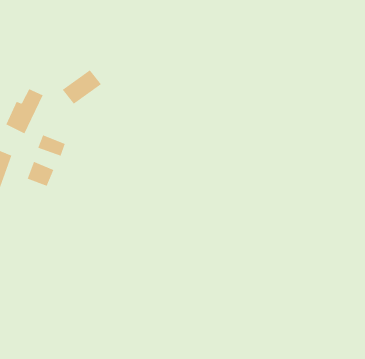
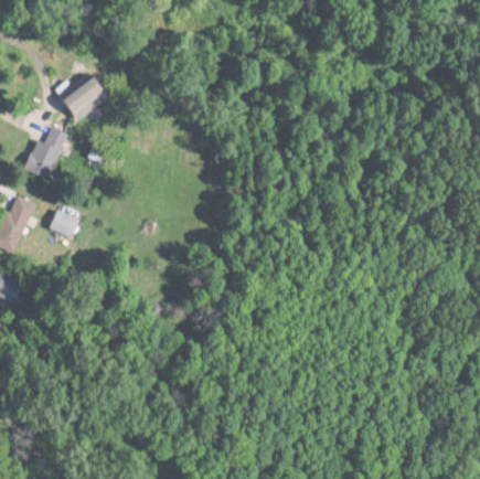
building: [62,70,102,104] -> [64,78,109,118]
building: [38,134,65,156] -> none

